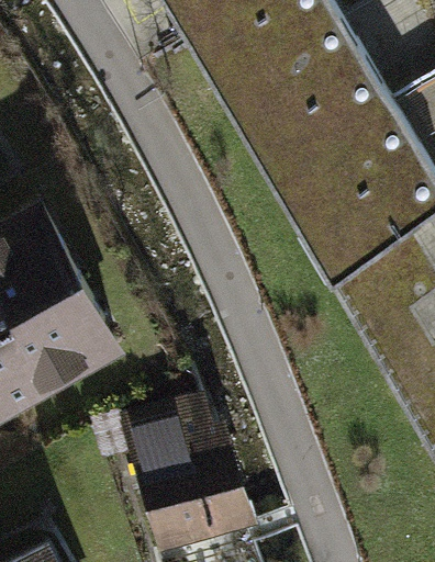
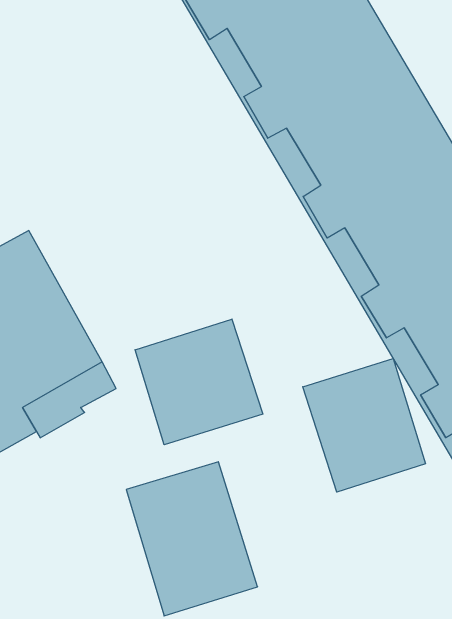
building: none -> [135,319,263,445]
building: none -> [303,359,425,492]

